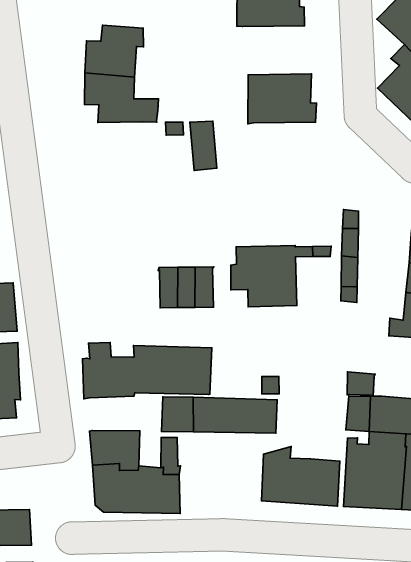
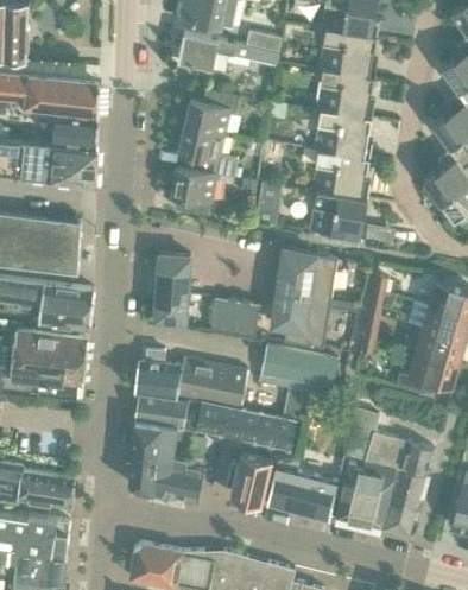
building: none -> [312,110,371,159]
building: none -> [171,166,222,212]
building: none -> [306,191,366,248]
building: none -> [279,247,336,298]
building: none -> [154,254,190,321]
building: none -> [258,345,336,394]
building: none -> [137,395,200,432]
building: none -> [229,455,271,503]

